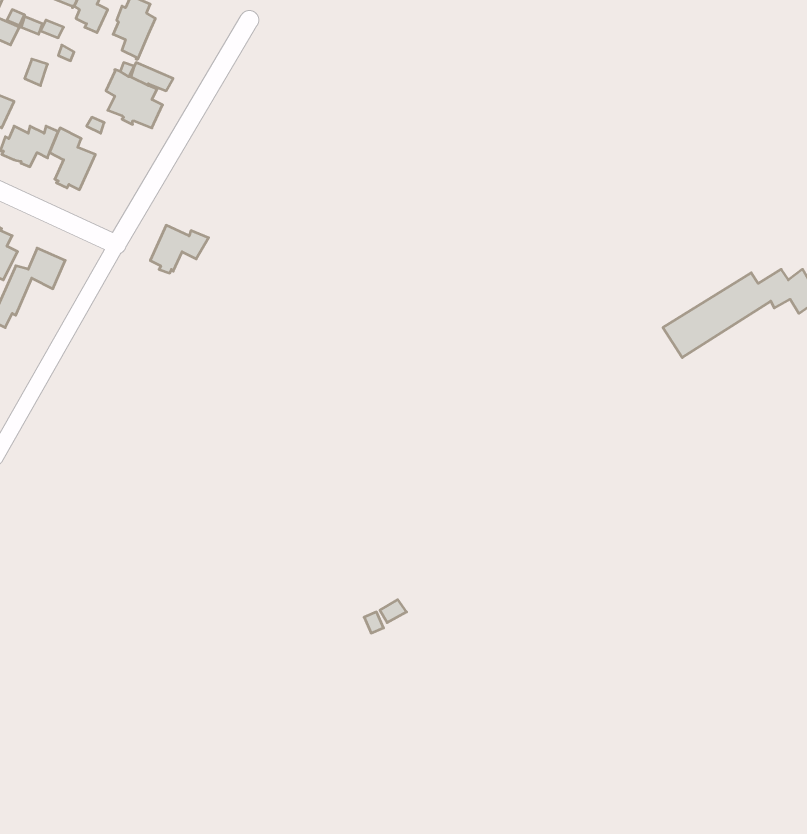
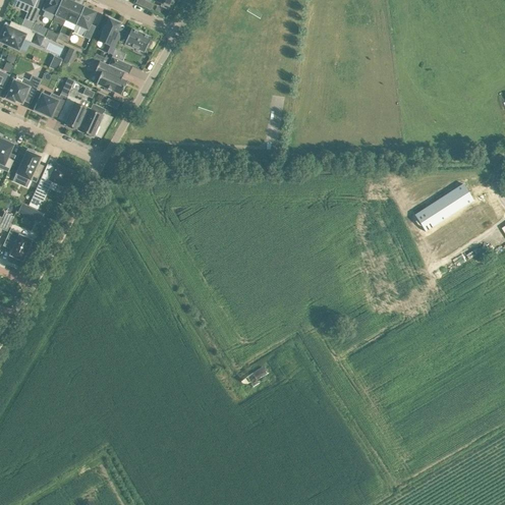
building: none -> [119,27,152,51]
building: [150,225,209,273] -> [79,109,113,136]

